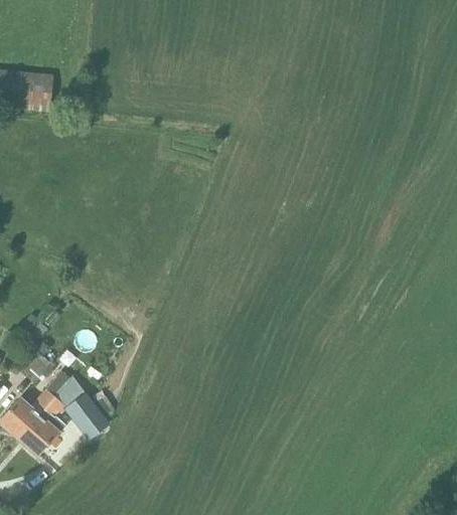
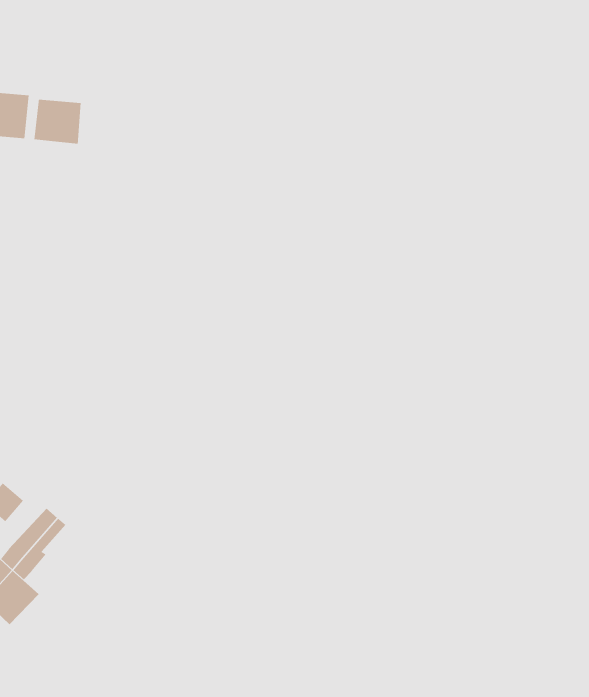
building: none -> [34,99,81,145]
building: [67,395,109,439] -> none

